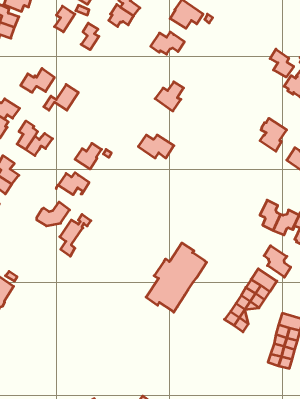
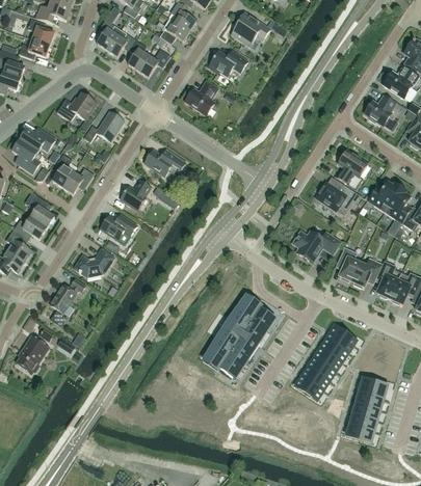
building: none -> [106,29,135,57]
building: none -> [137,49,170,78]
building: [270,49,294,77] -> none
building: [155,82,184,111] -> [184,81,217,115]
building: [138,135,174,158] -> [143,150,185,177]
building: none -> [316,183,360,210]
building: none -> [294,232,339,262]
building: [60,214,91,256] -> [49,278,85,327]
building: [264,246,291,277] -> none

